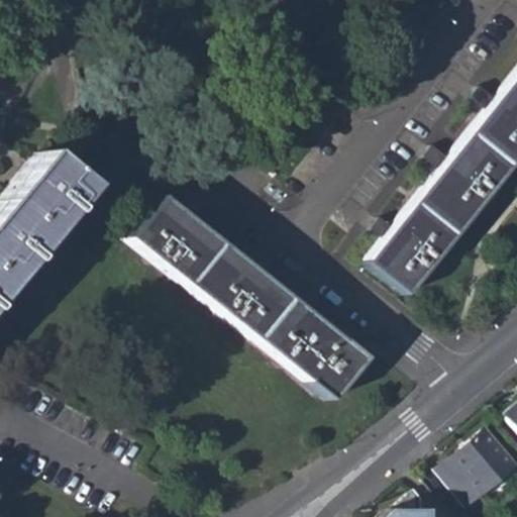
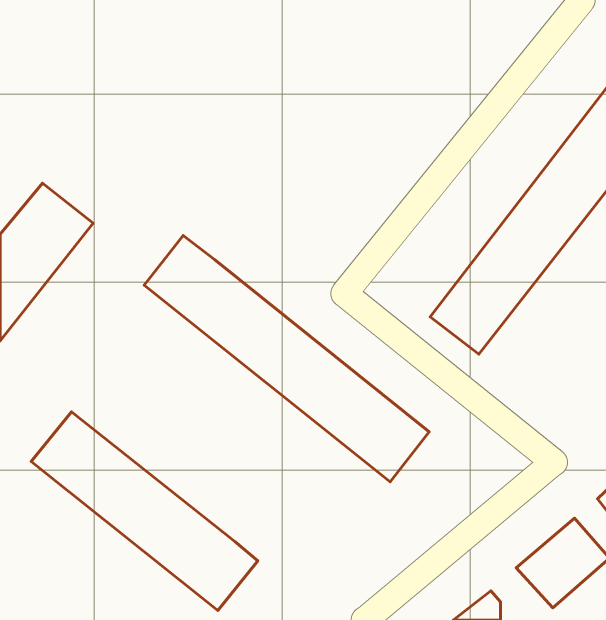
building: none -> [31,412,258,610]

